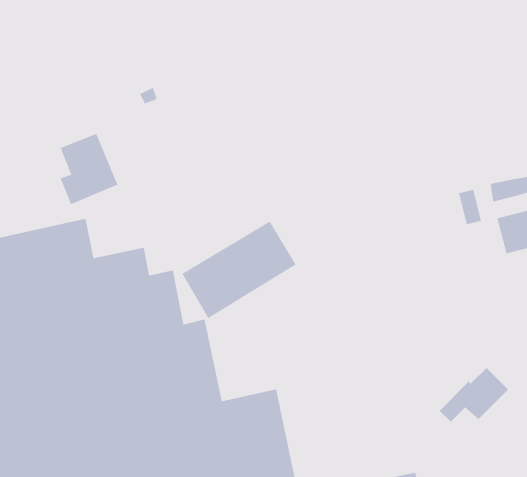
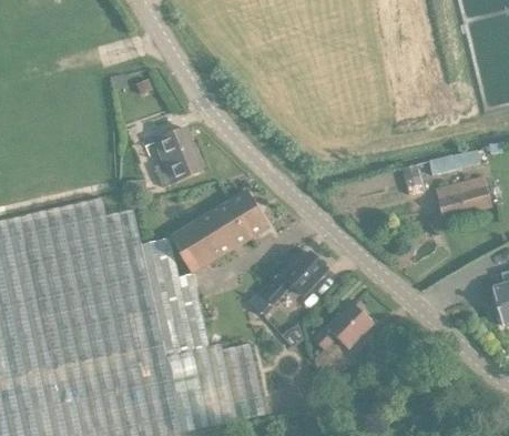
building: [60,133,118,205] -> [154,131,203,191]
building: none -> [264,255,327,307]
building: [439,367,509,423] -> [314,306,373,353]

